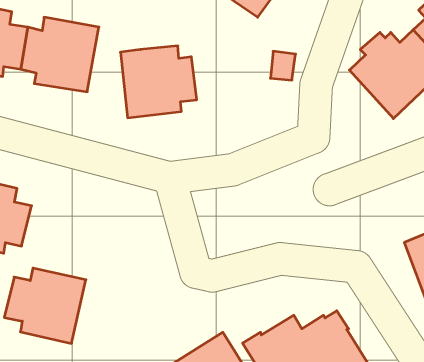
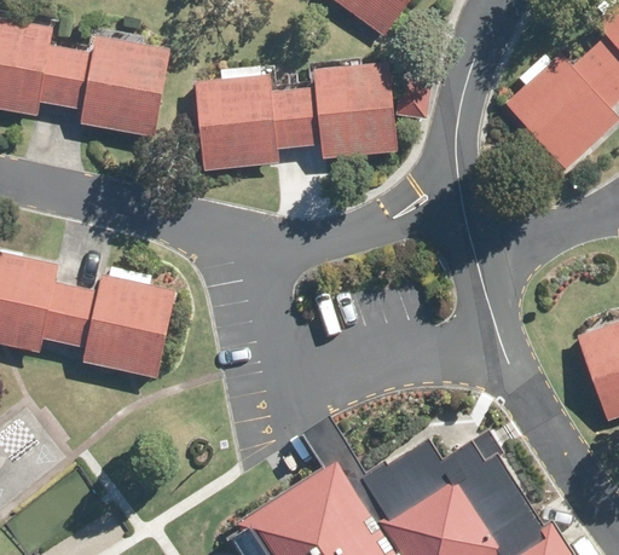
building: none -> [291,60,394,160]
building: [4,268,86,343] -> [63,277,173,378]

